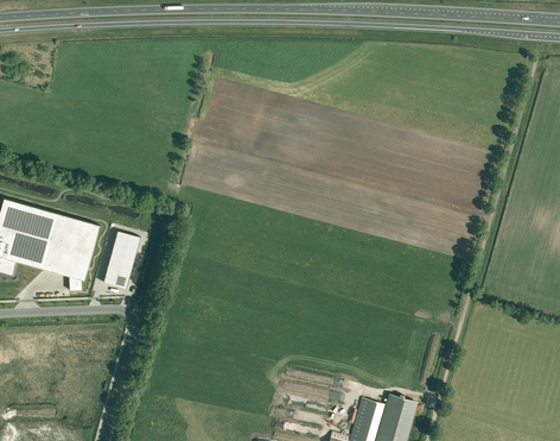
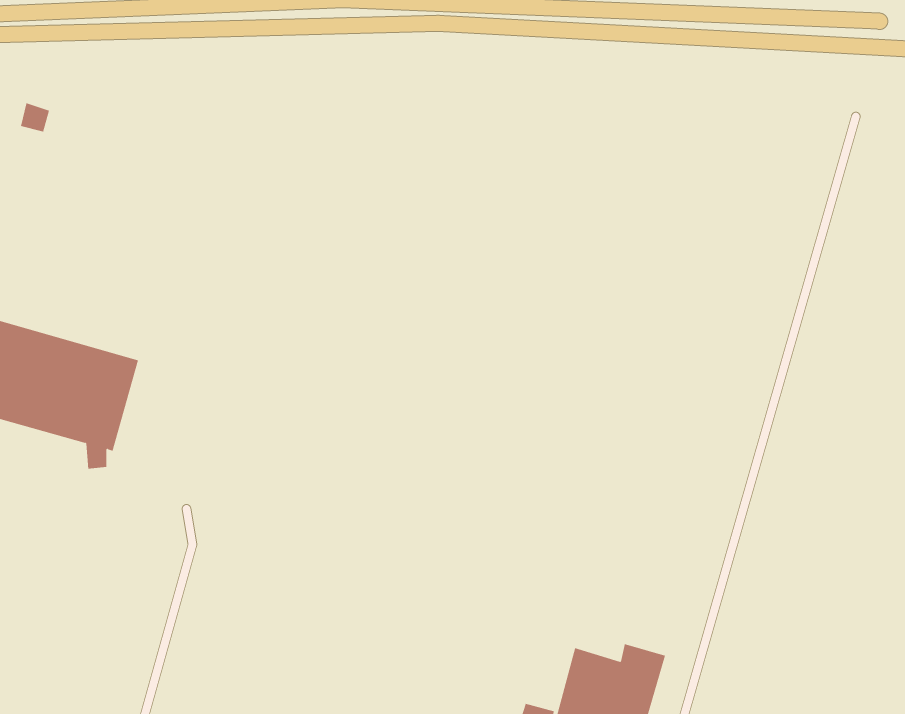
building: [102,231,140,289] -> none

